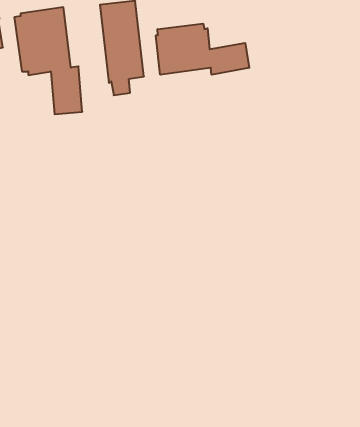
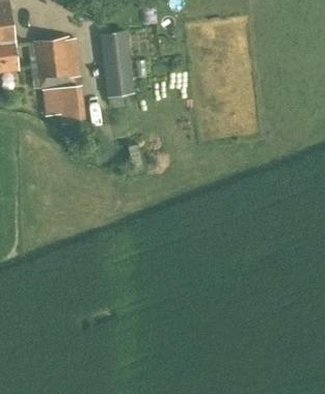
building: [156,24,249,75] -> none

